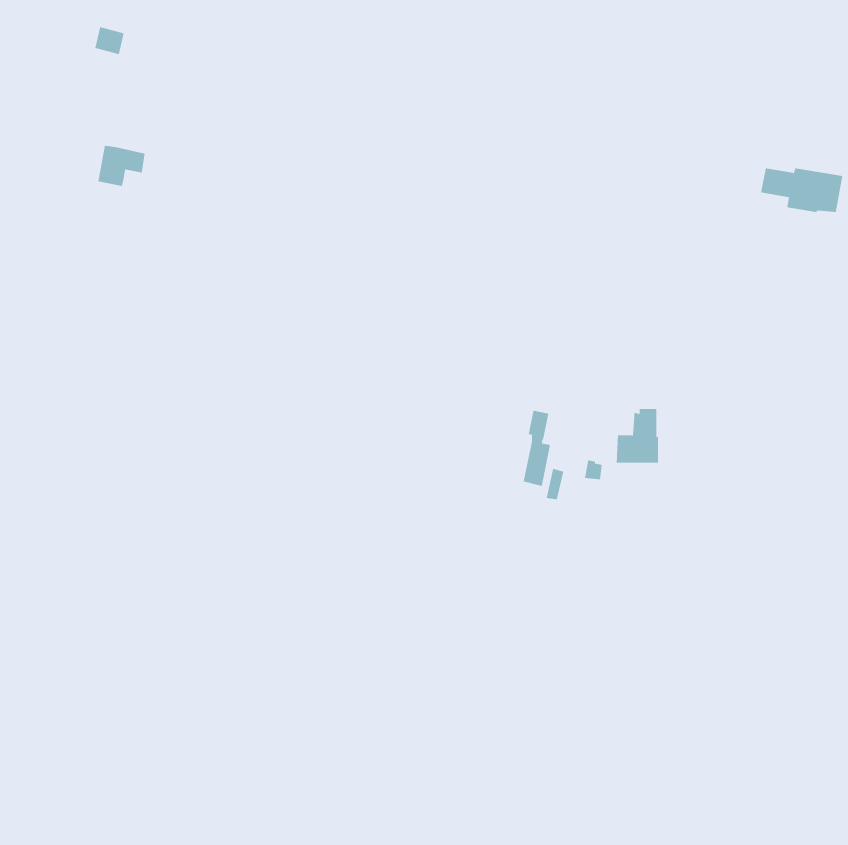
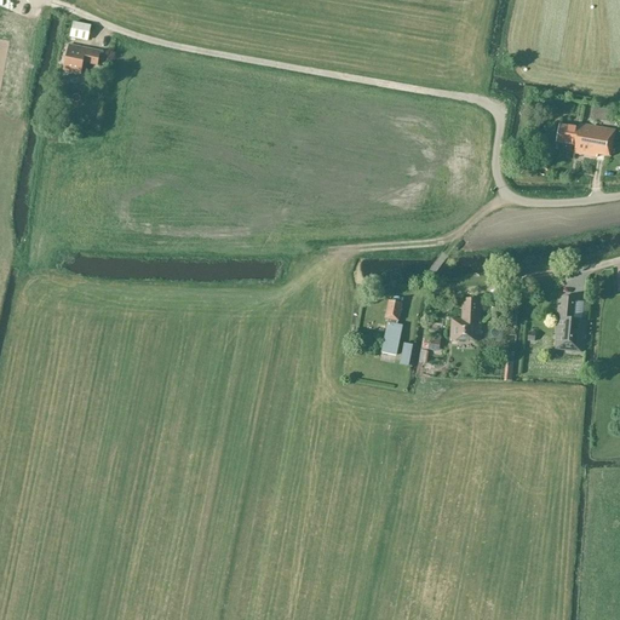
building: [98,145,146,187] -> [64,42,99,73]
building: none -> [555,295,584,350]

